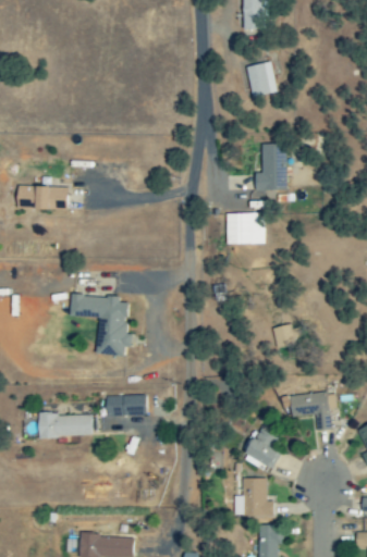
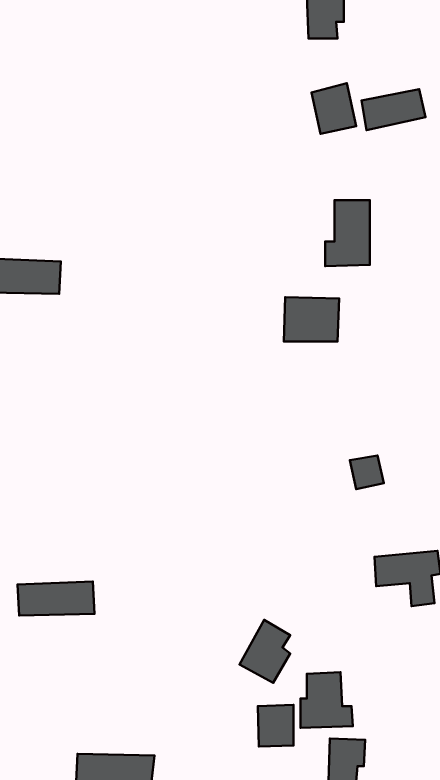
building: none -> [361,89,425,130]
building: [69,294,133,356] -> none
building: [105,395,146,417] -> none
building: [242,428,278,472] -> [239,620,290,683]
building: none -> [258,705,294,746]

